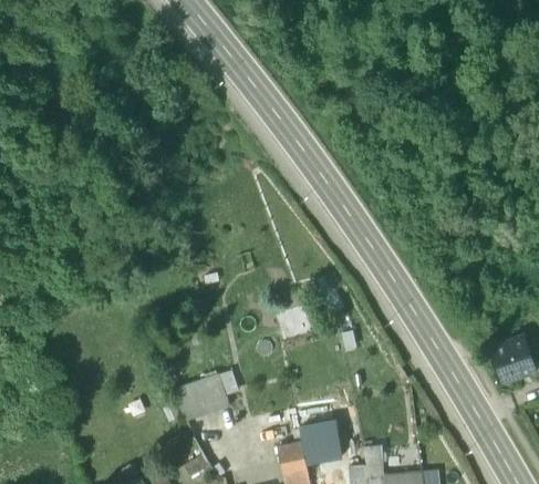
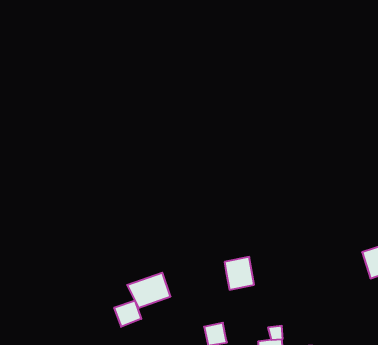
building: none -> [114,300,141,327]
building: [300,421,340,465] -> [225,257,254,290]

